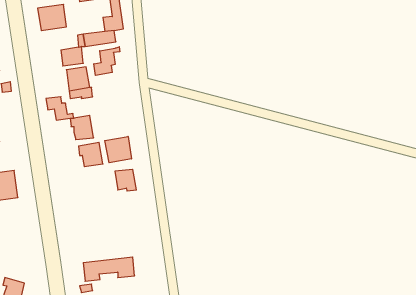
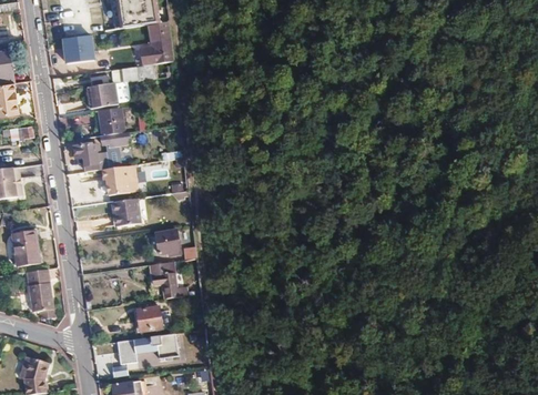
building: [94,47,120,75] -> none
building: [105,136,131,163] -> none
building: none -> [151,261,187,297]
building: none -> [27,269,54,318]
building: none -> [136,305,162,331]

